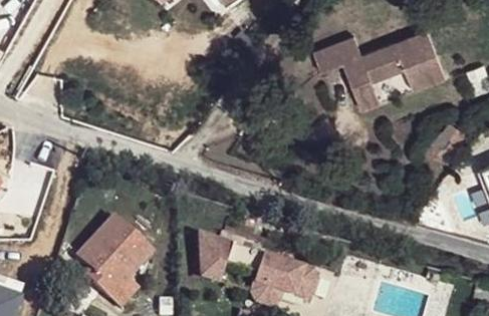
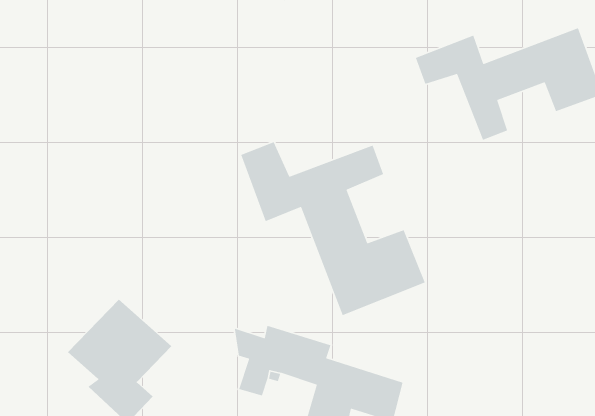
building: none -> [240,141,426,316]

